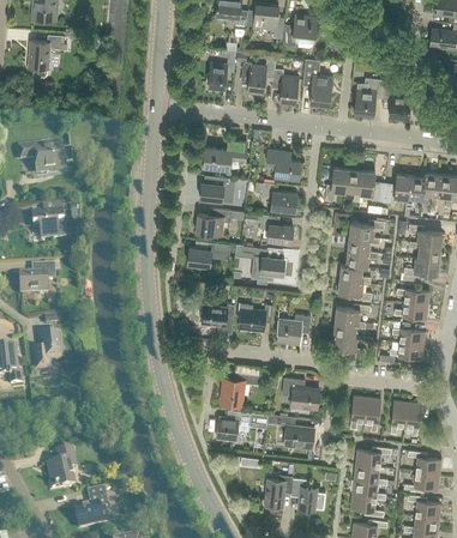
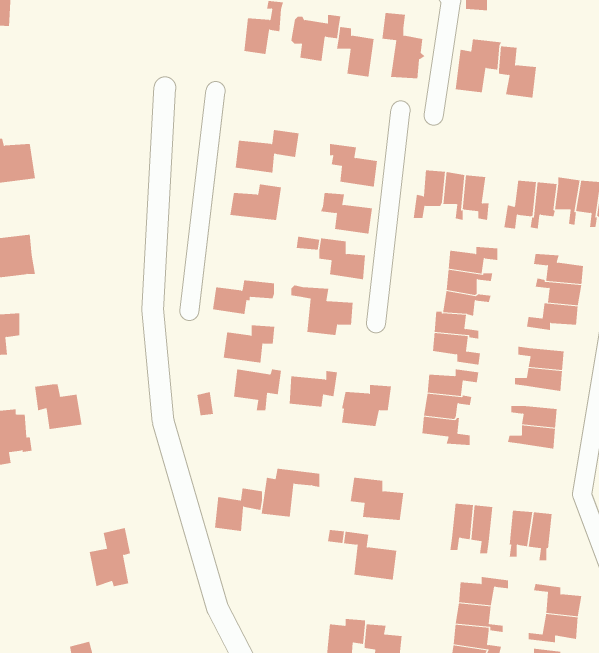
building: [196,208,231,235] -> [223,325,275,363]
building: none -> [35,384,82,430]
building: [217,410,251,440] -> [214,488,263,531]
building: [47,449,76,490] -> [89,527,131,587]

